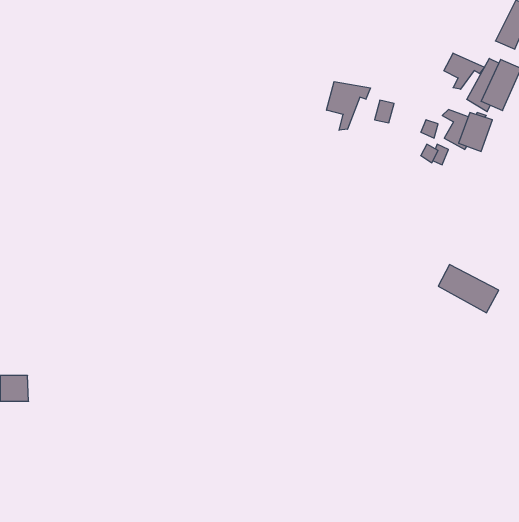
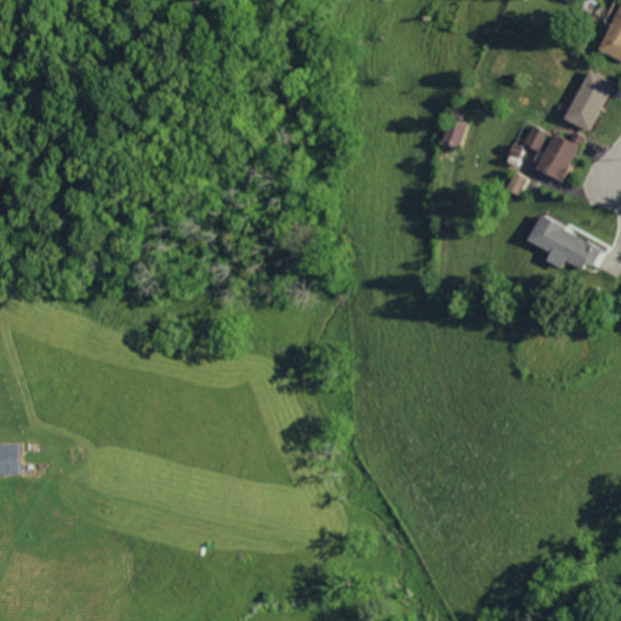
building: [444,53,485,89] -> none
building: [327,82,370,130] -> none
building: [438,265,499,313] -> [522,213,593,270]

